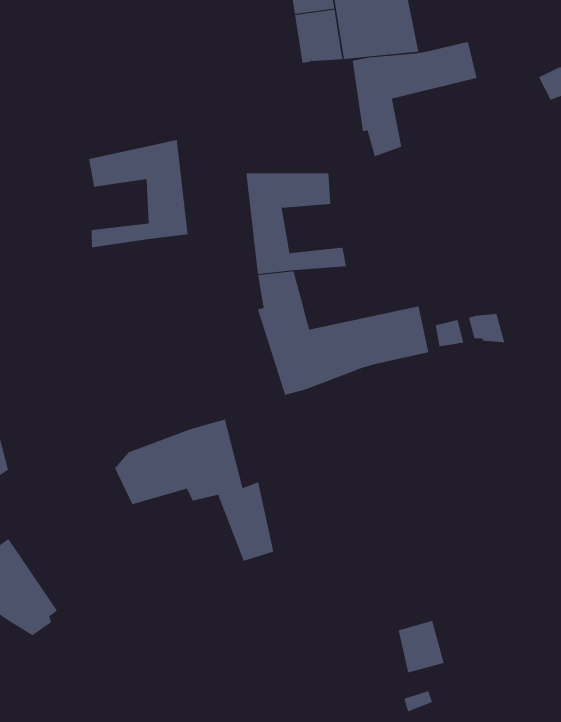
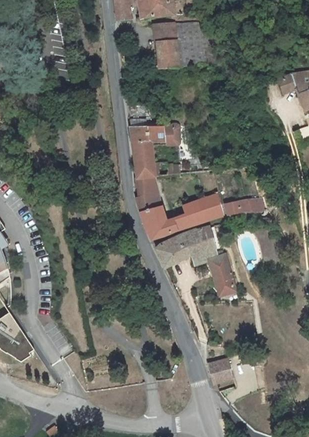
building: [352,41,477,157] -> none
building: [89,139,188,248] -> none
building: [114,419,274,562] -> [154,224,236,297]

